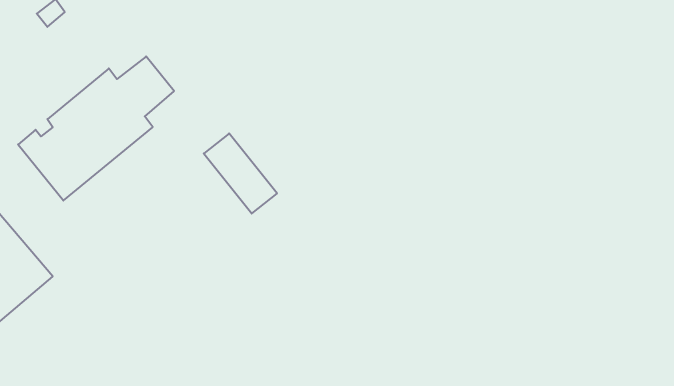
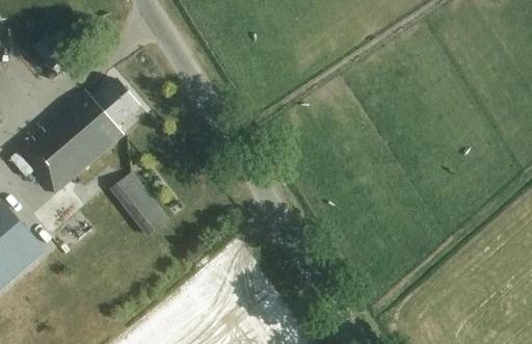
building: [204,133,277,214] -> [111,174,168,236]

